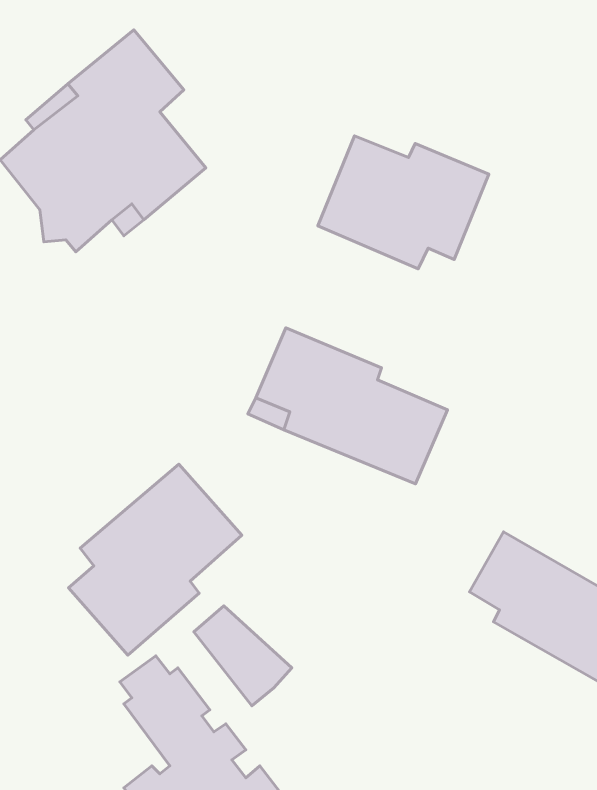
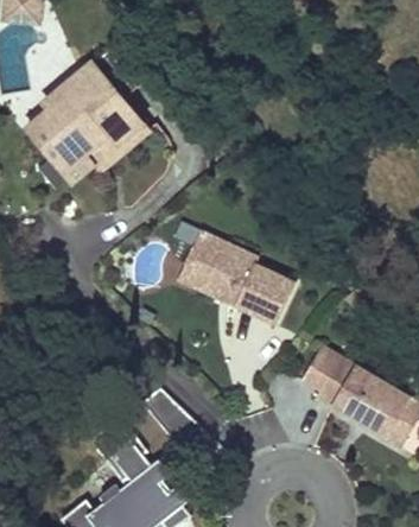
building: [318,136,489,269] -> none
building: [69,464,242,655] -> none

